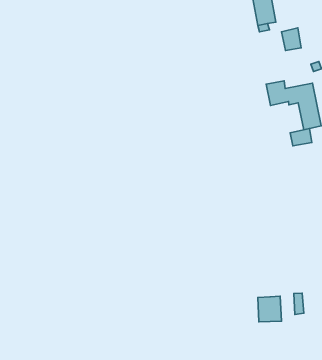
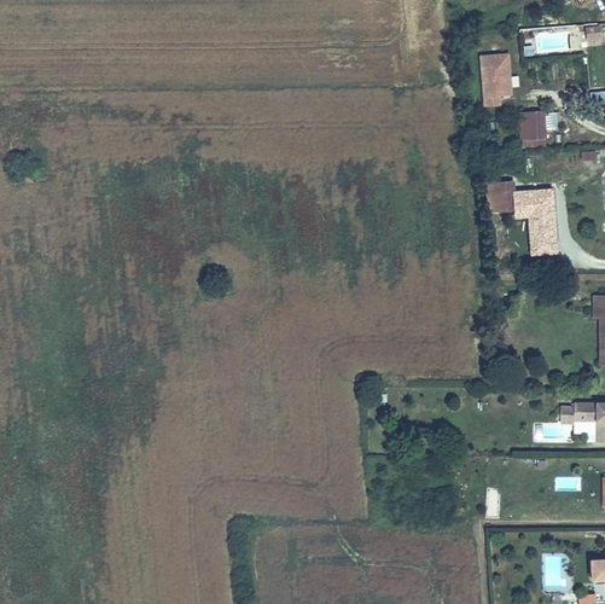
building: [290,129,312,146] -> none
building: [258,296,281,322] -> none

